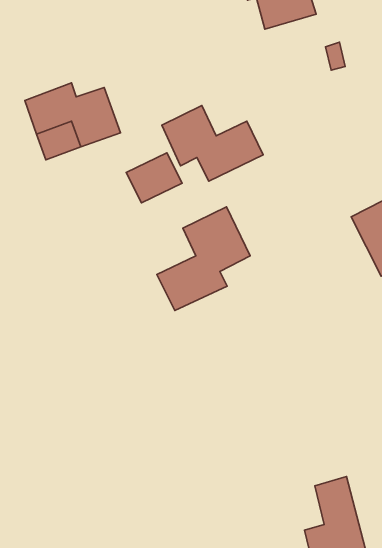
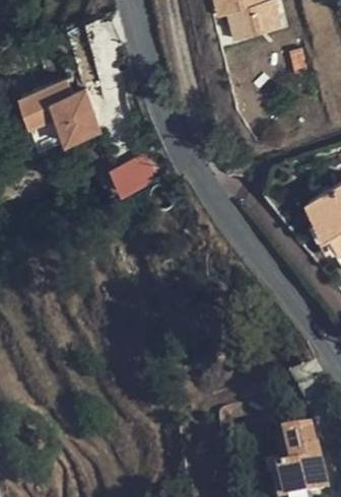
building: [162,105,263,181] -> none
building: [157,207,250,311] -> none

